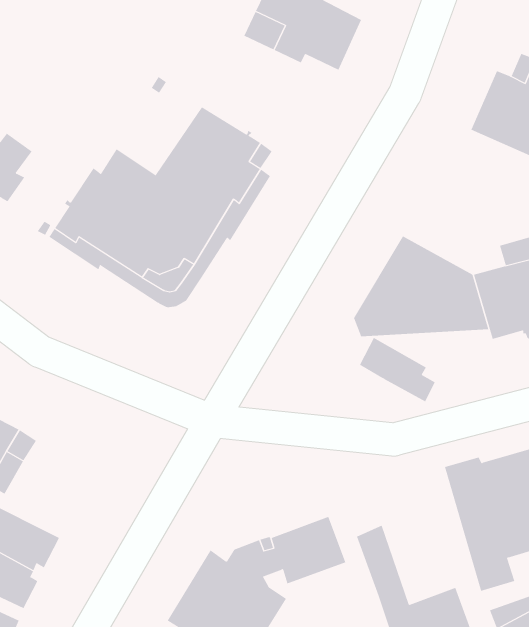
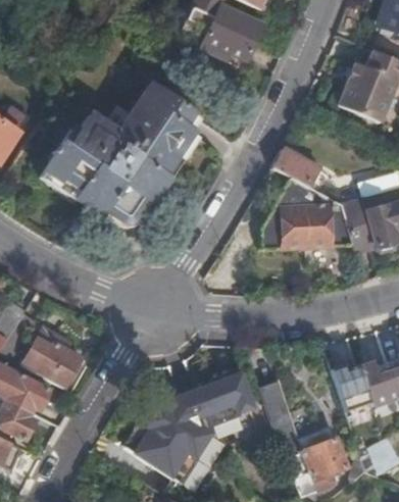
building: [359,337,436,402] -> [275,147,329,193]
building: none -> [18,324,82,389]

